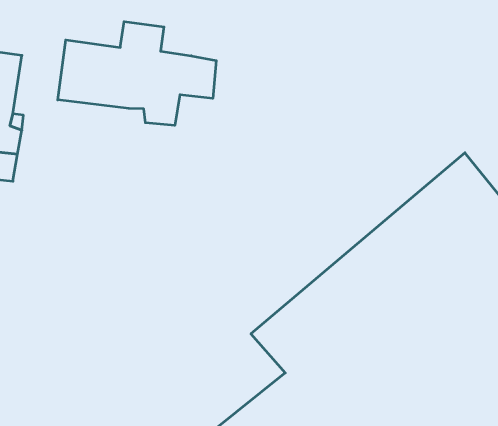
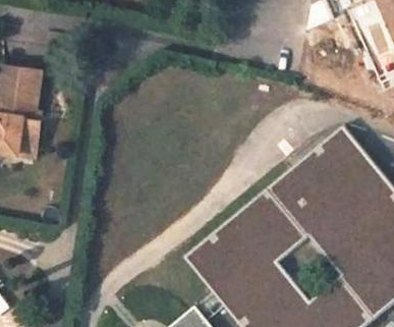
building: [58,22,216,125] -> none

